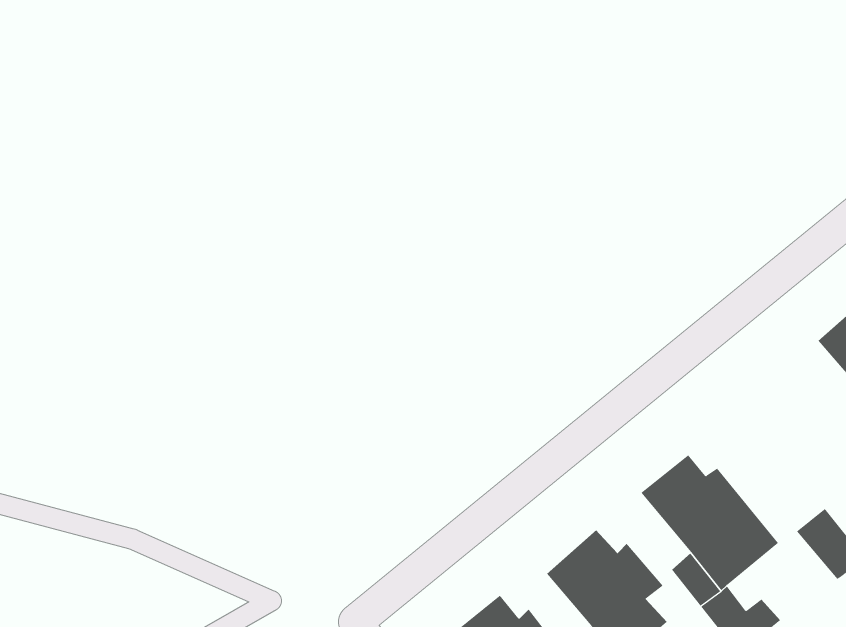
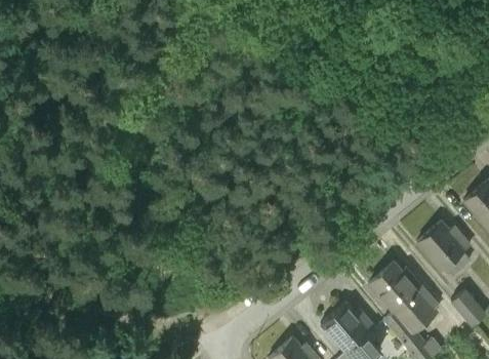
building: none -> [414,217,472,272]

